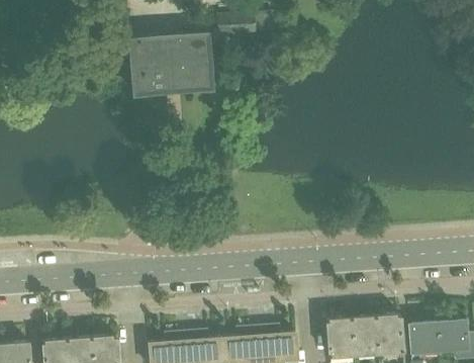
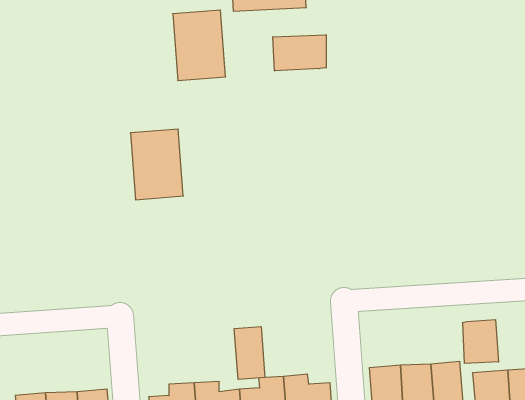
building: [130,34,173,91] -> [130,129,183,200]
building: none -> [273,35,326,71]
building: none -> [463,320,499,363]
building: none -> [234,327,265,379]

